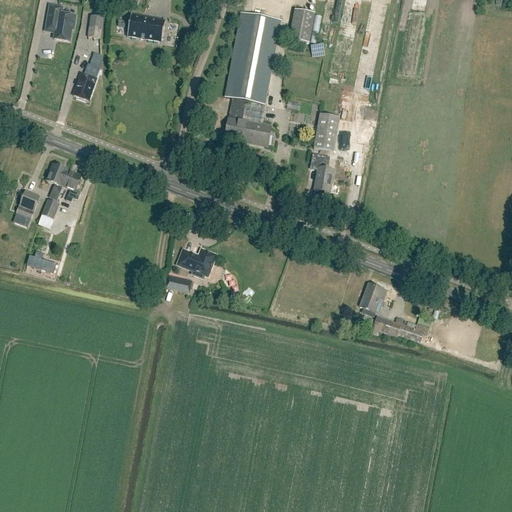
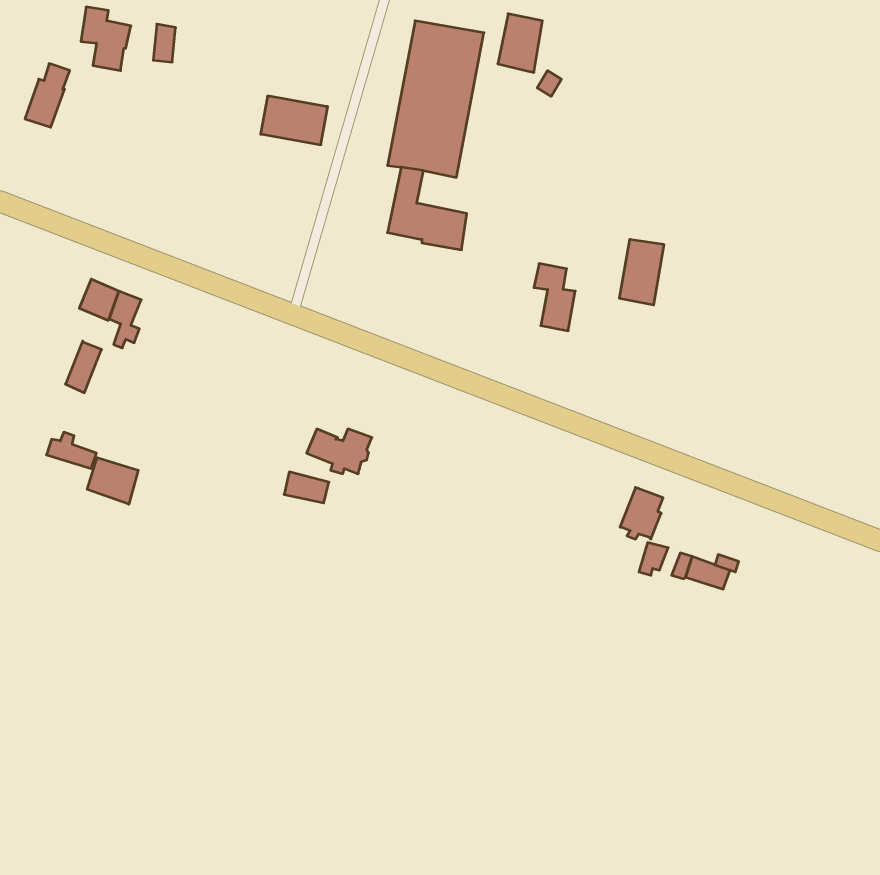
building: [127,13,166,41] -> [261,96,328,145]
building: [74,63,100,100] -> [25,64,70,127]
building: [314,113,340,151] -> [619,239,664,305]
building: [15,189,40,219] -> none
building: none -> [87,458,138,504]

